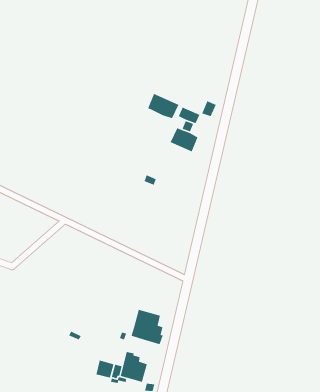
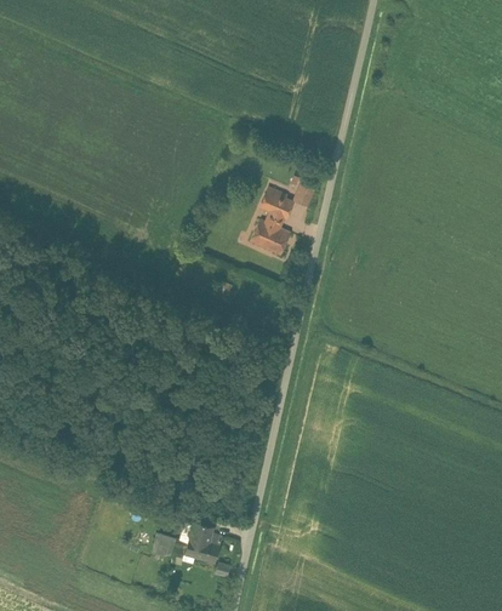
building: [147,93,180,119] -> none
building: [130,309,164,345] -> none

